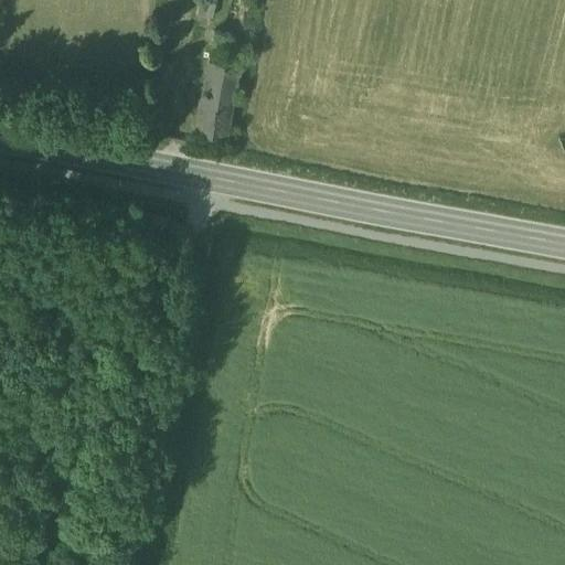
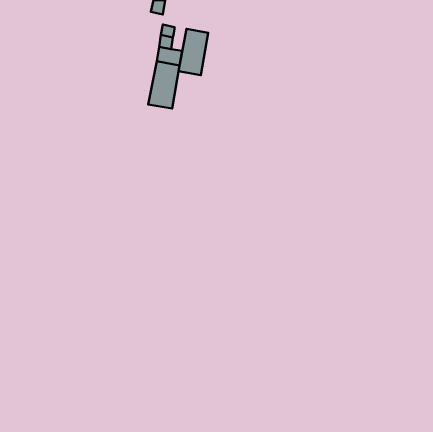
building: none -> [179,29,208,75]

